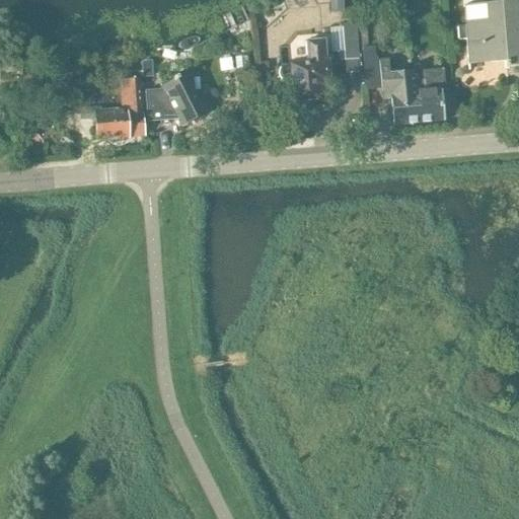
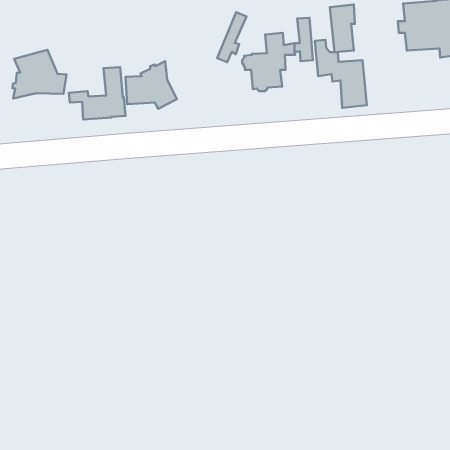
building: none -> [217,12,246,62]
building: none -> [13,50,67,99]
building: [418,66,446,121] -> [330,4,355,52]

